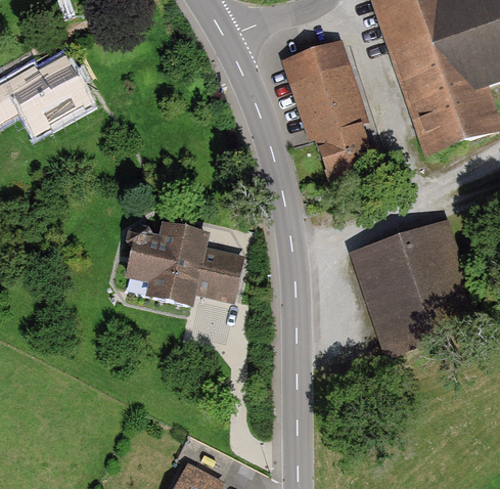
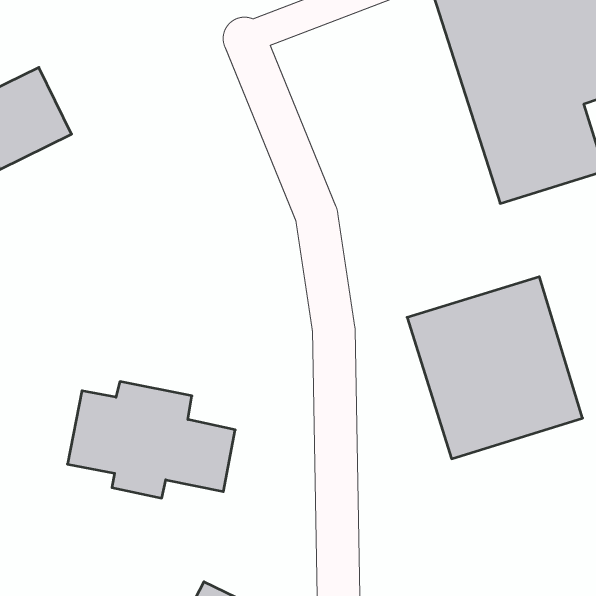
building: [282,36,390,196] -> none
building: [117,212,247,303] -> [67,382,235,498]

